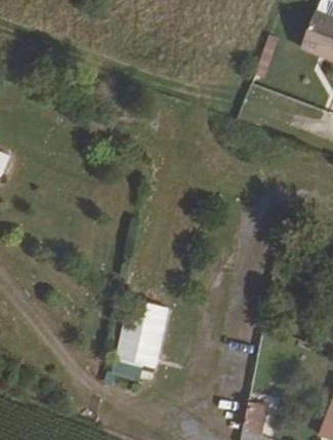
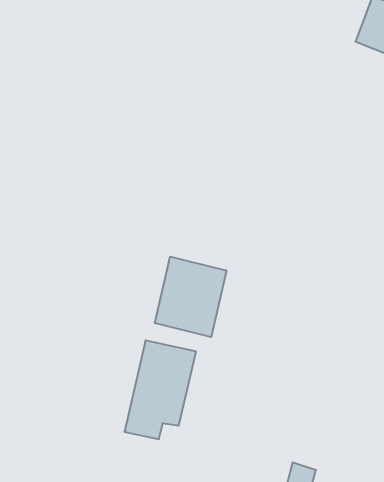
building: none -> [155,257,226,337]

